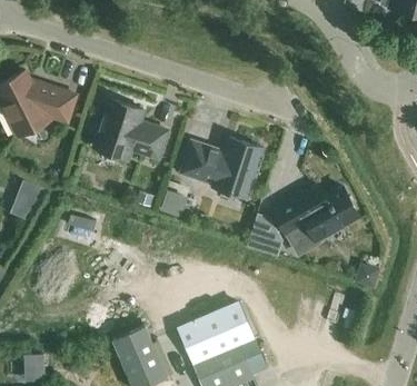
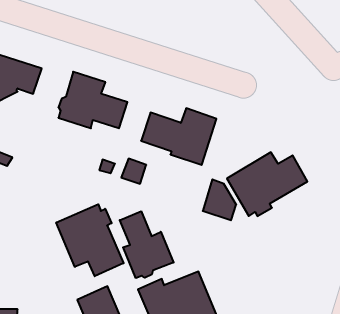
building: none -> [56,204,124,276]
building: none -> [120,211,174,278]

